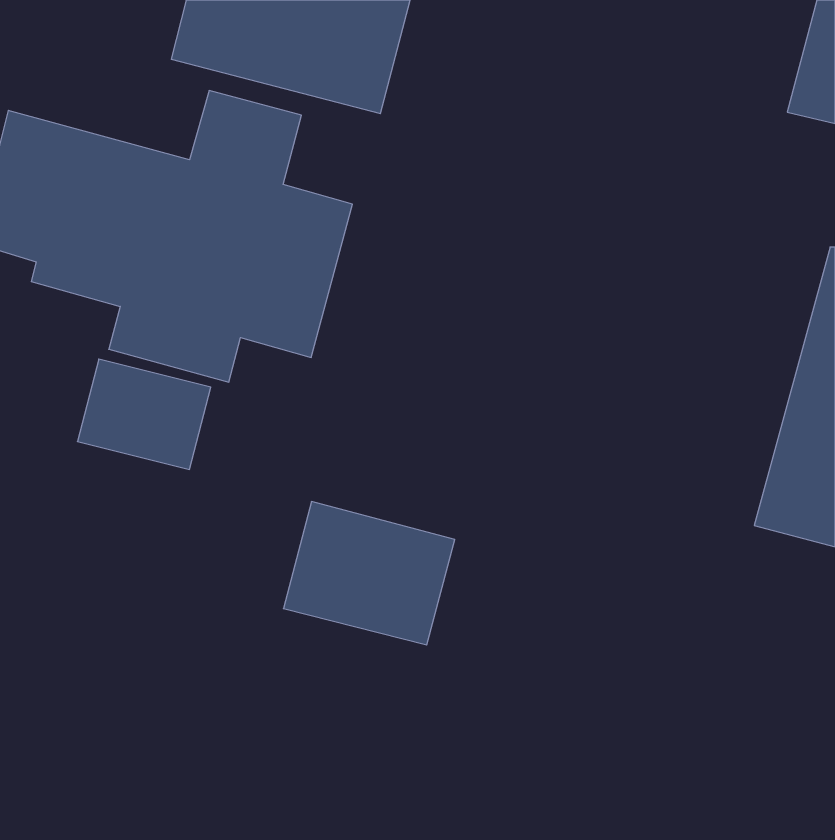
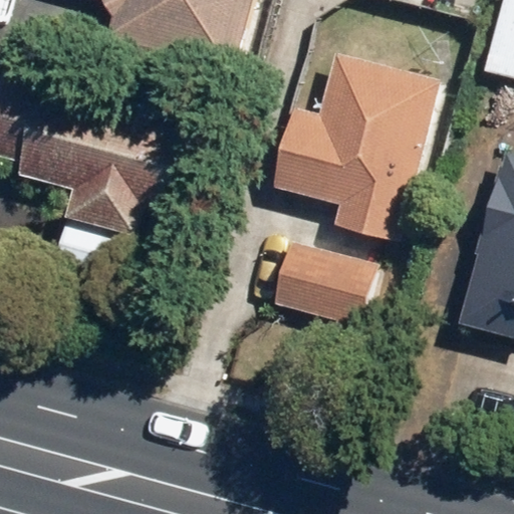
building: none -> [273,51,443,241]
building: [283,502,455,645] -> [271,239,375,326]

